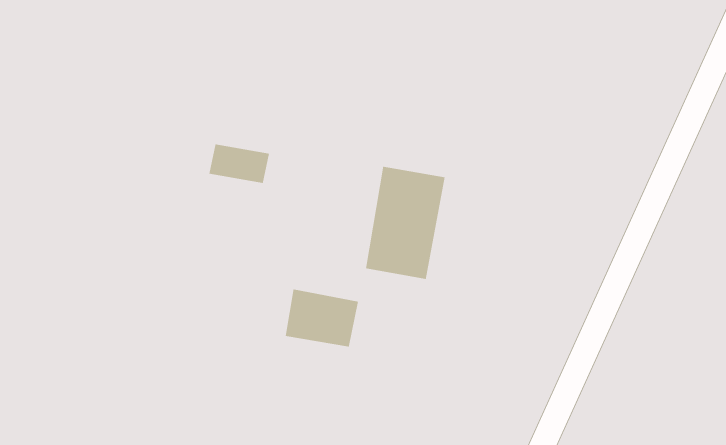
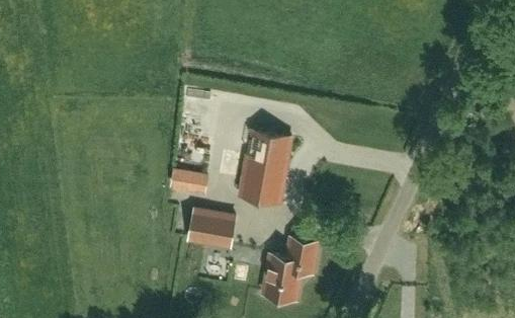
building: [209,144,270,183] -> [170,170,209,195]
building: none -> [263,239,318,302]

